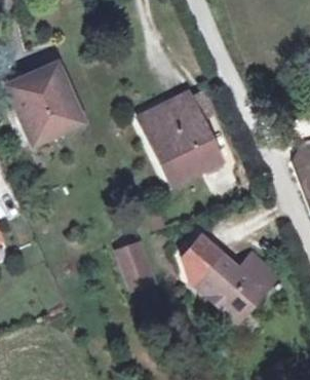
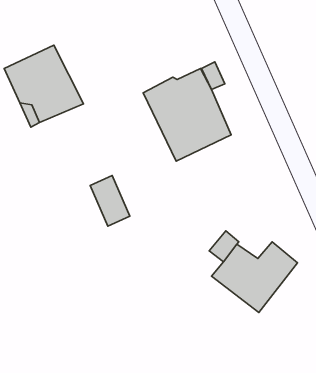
building: [122,242,159,290] -> [90,175,130,226]

